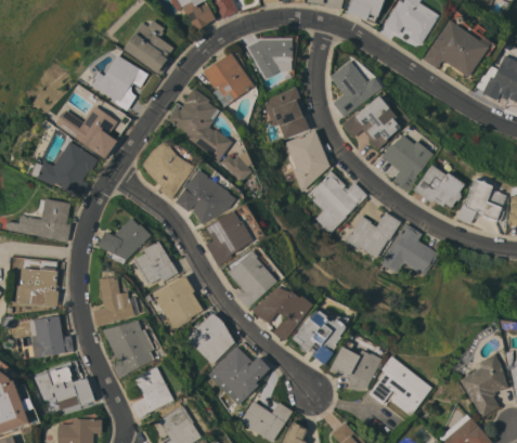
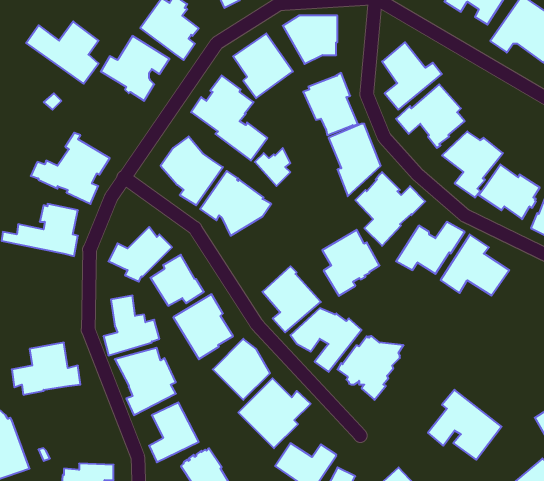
building: [55,105,117,158] -> [26,21,99,84]
building: [204,209,253,265] -> [322,230,380,296]
building: [15,266,57,305] -> none
building: [328,339,380,389] -> none
building: [34,366,94,409] -> none

